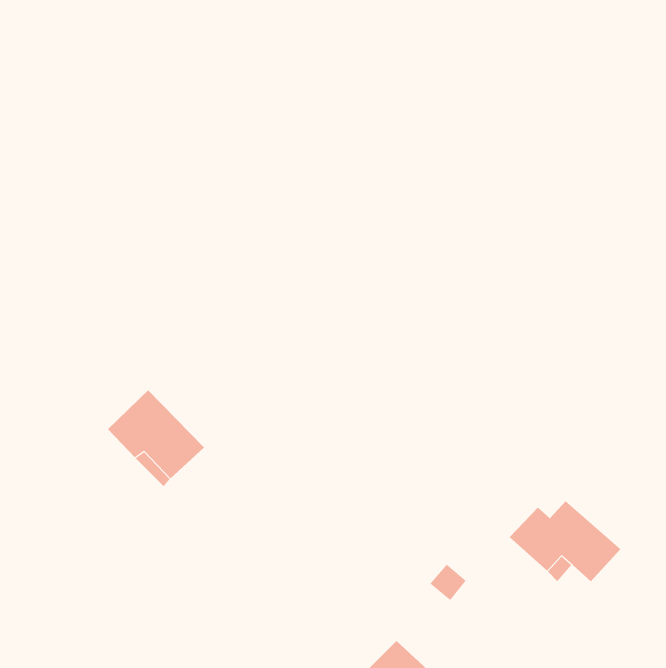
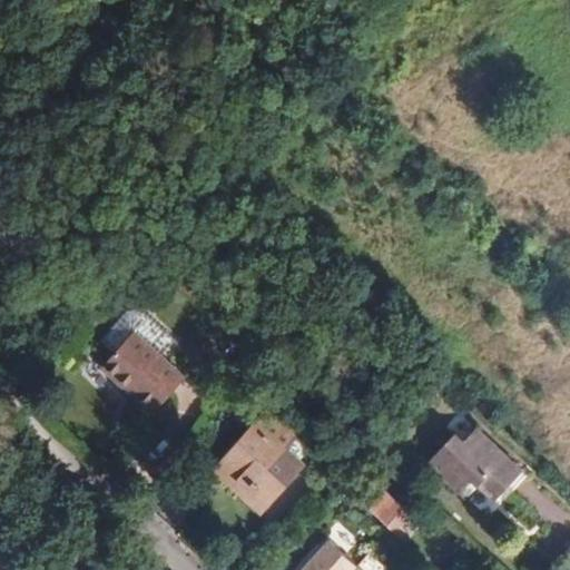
building: none -> [212,424,296,509]

